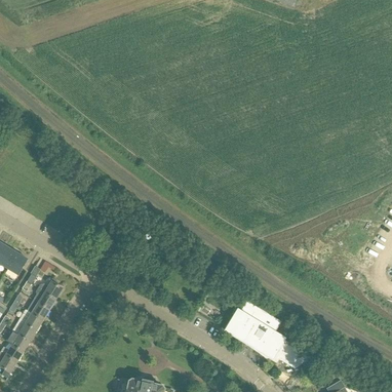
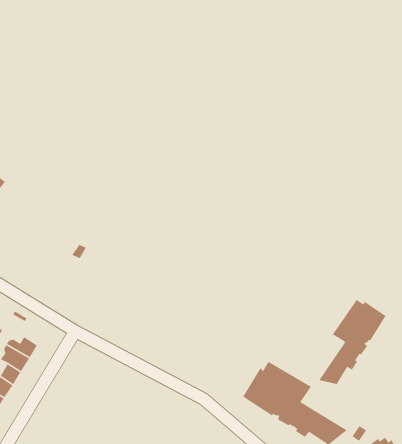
building: none -> [318,299,387,385]

